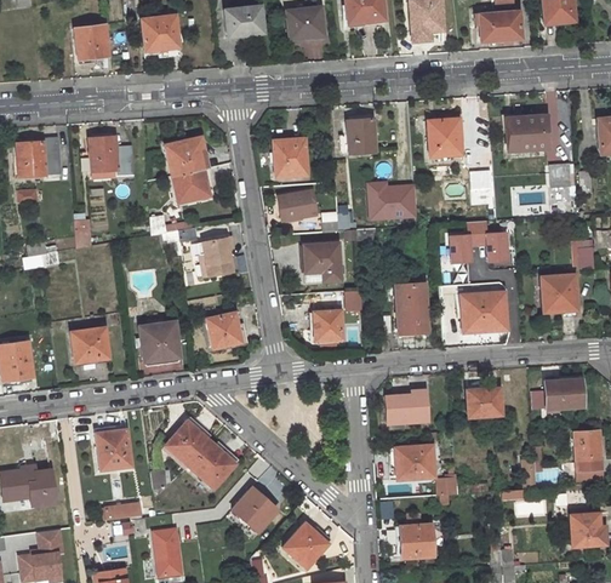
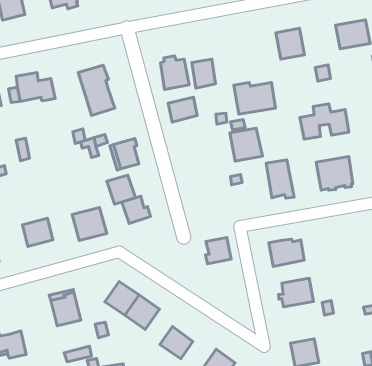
building: [348,119,376,154] -> [192,59,216,88]
building: [302,244,341,284] -> [230,128,262,161]
building: none -> [107,175,136,204]
building: [310,311,343,343] -> [206,237,231,264]
building: [469,384,506,416] -> none

